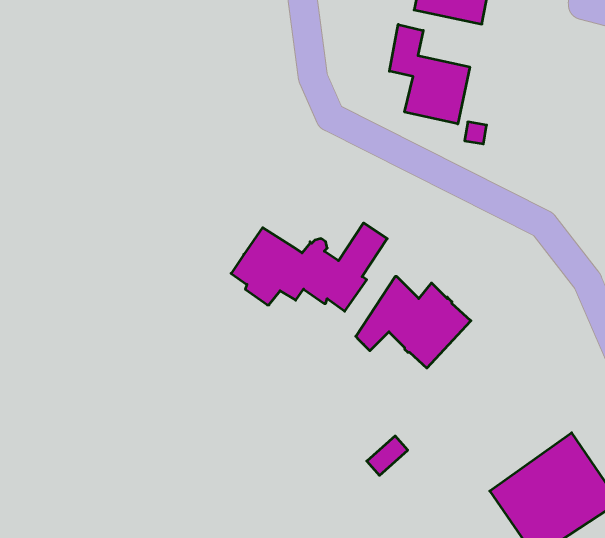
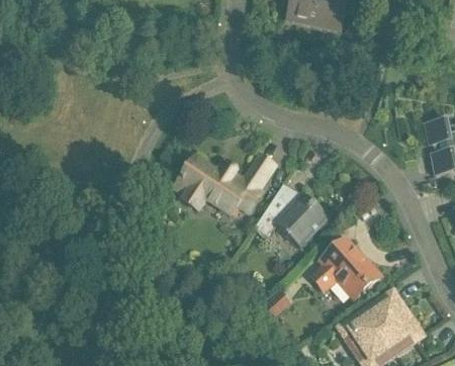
building: [389,24,470,124] -> none
building: none -> [311,240,380,297]

